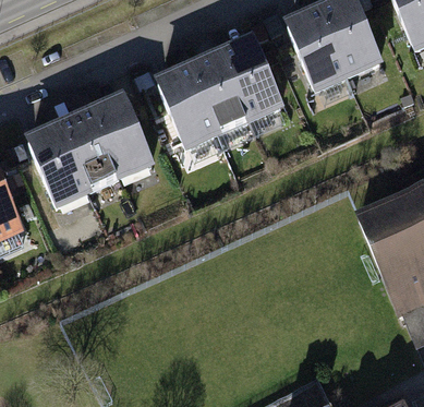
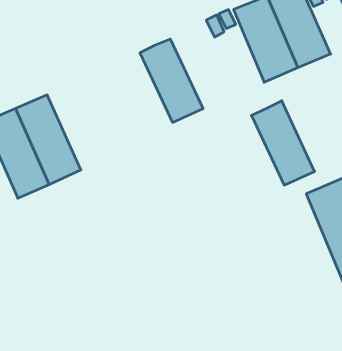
building: [217,32,282,119] -> [251,101,315,185]
building: [154,61,219,148] -> none
building: [89,89,156,182] -> none

